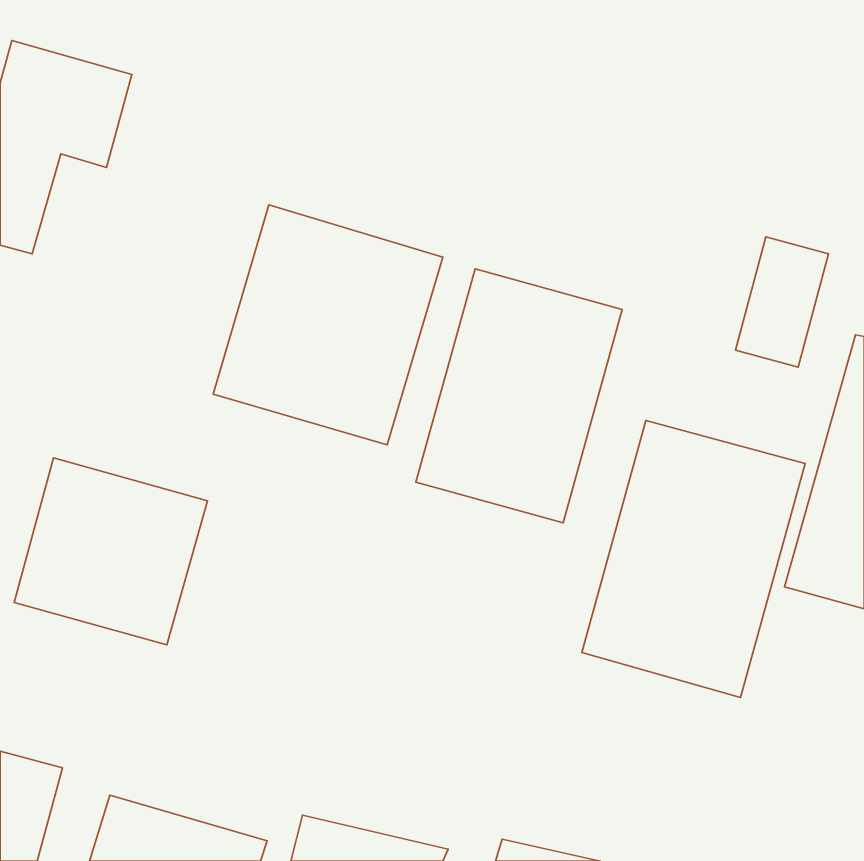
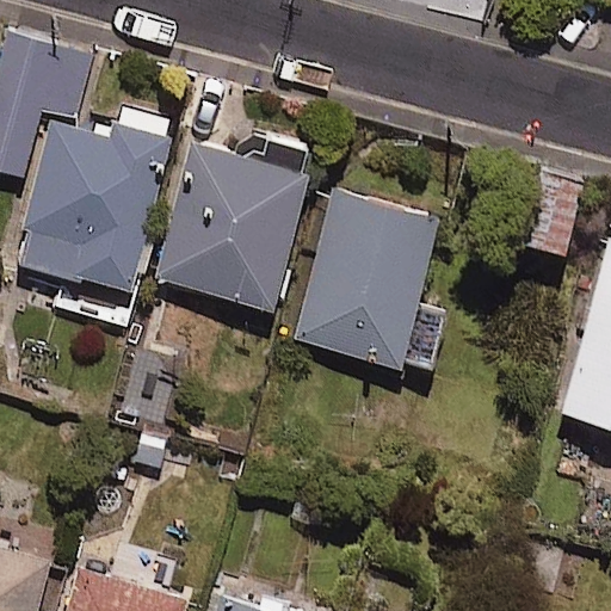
building: none -> [11,121,180,301]
building: [582,421,805,697] -> none
building: [14,458,207,645] -> none

